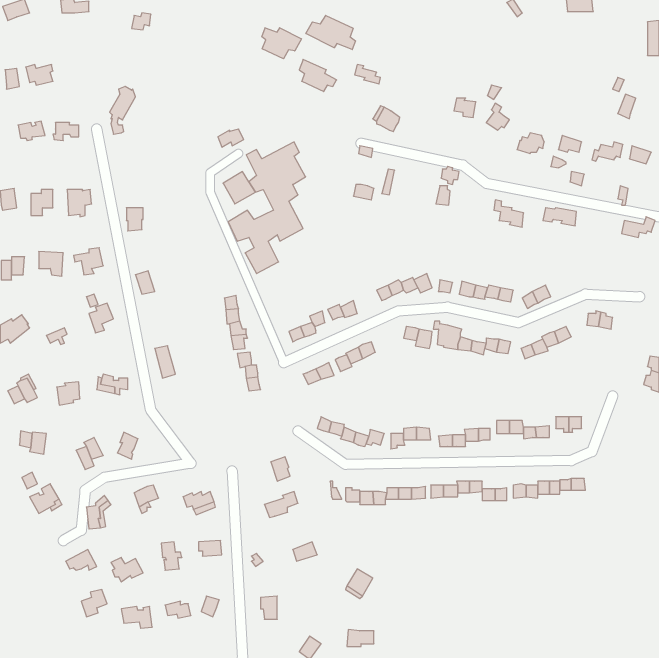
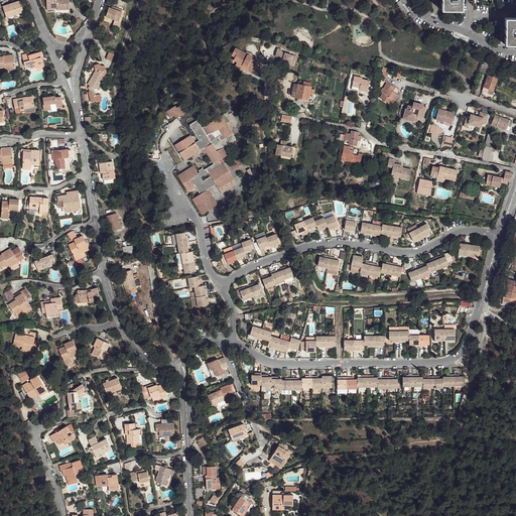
building: [306,15,355,50] -> none
building: [262,28,301,59] -> none

